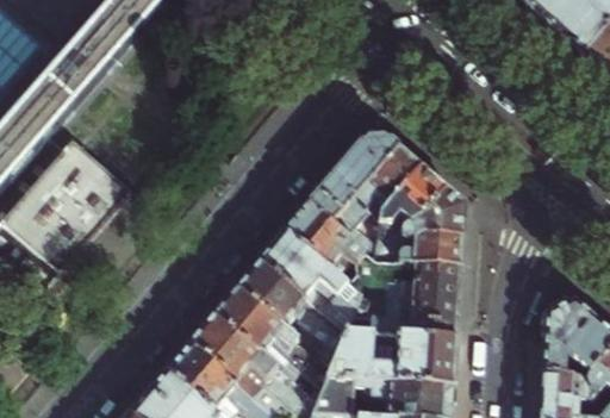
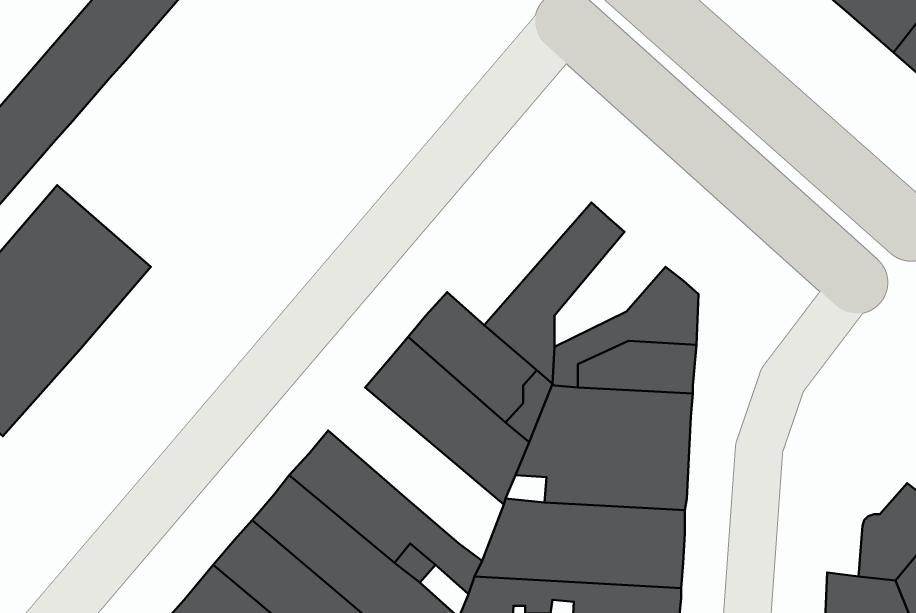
building: [310,141,398,223] -> none
building: [375,166,443,236] -> none
building: [237,261,344,367] -> none
building: [542,302,591,376] -> none

